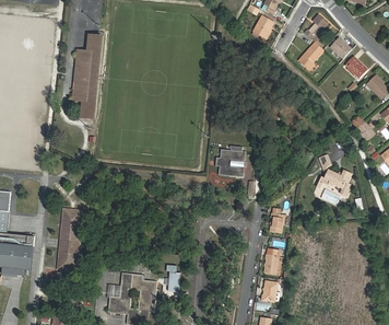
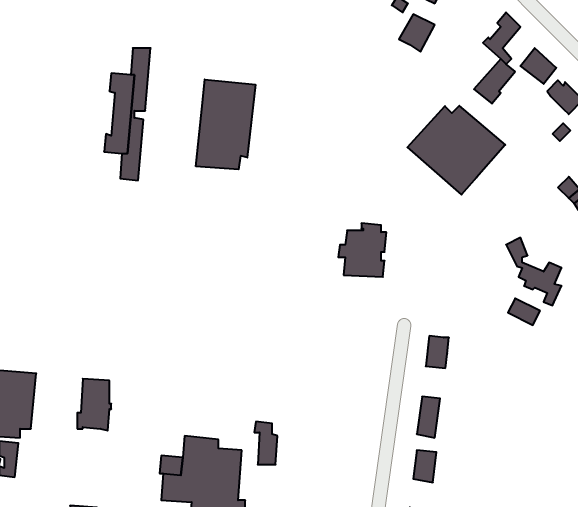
building: none -> [196,79,255,169]
building: none -> [407,106,505,195]
building: [60,209,80,240] -> none

